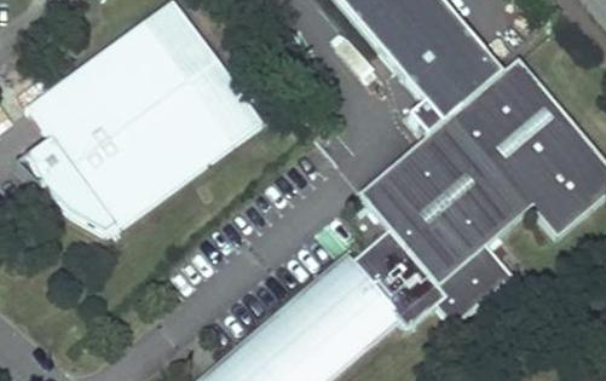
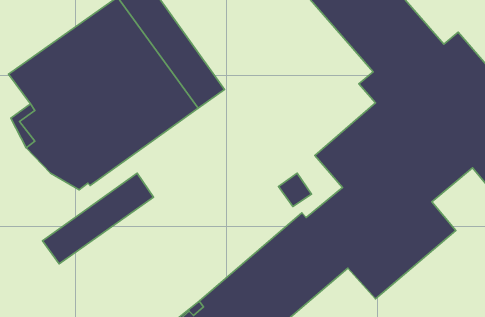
building: none -> [42,173,153,264]

